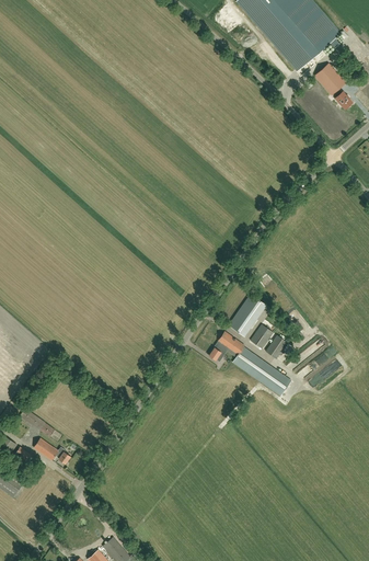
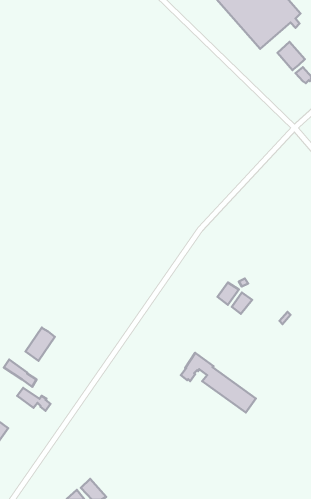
building: [229,304,260,335] -> none
building: [209,331,290,396] -> [181,353,256,413]
building: none -> [26,328,55,361]

